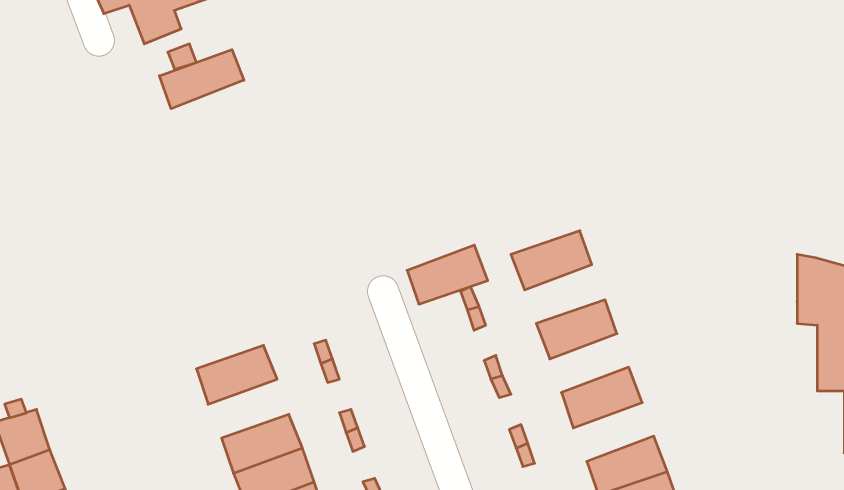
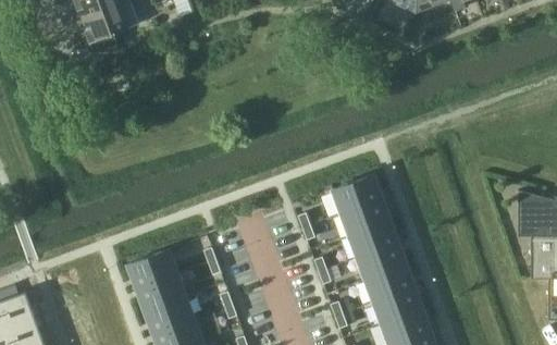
building: [159,50,244,109] -> none
building: [407,245,488,304] -> [339,197,392,235]
building: none -> [356,242,407,280]
building: none -> [135,271,187,309]
building: none -> [371,286,423,324]

